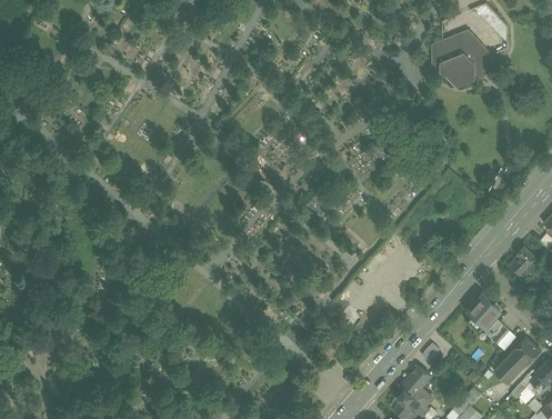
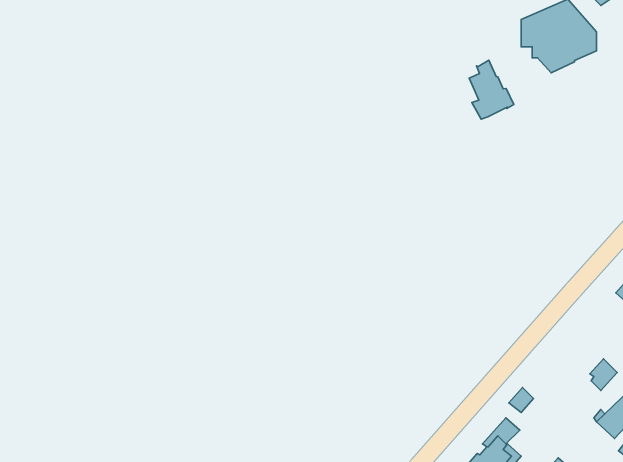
building: none -> [469,60,514,119]
building: [466,295,501,328] -> none

